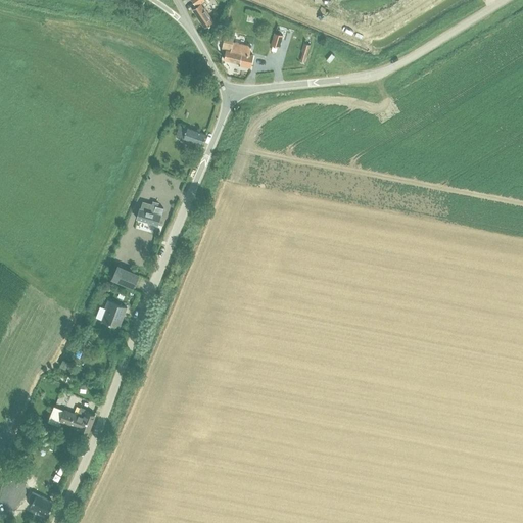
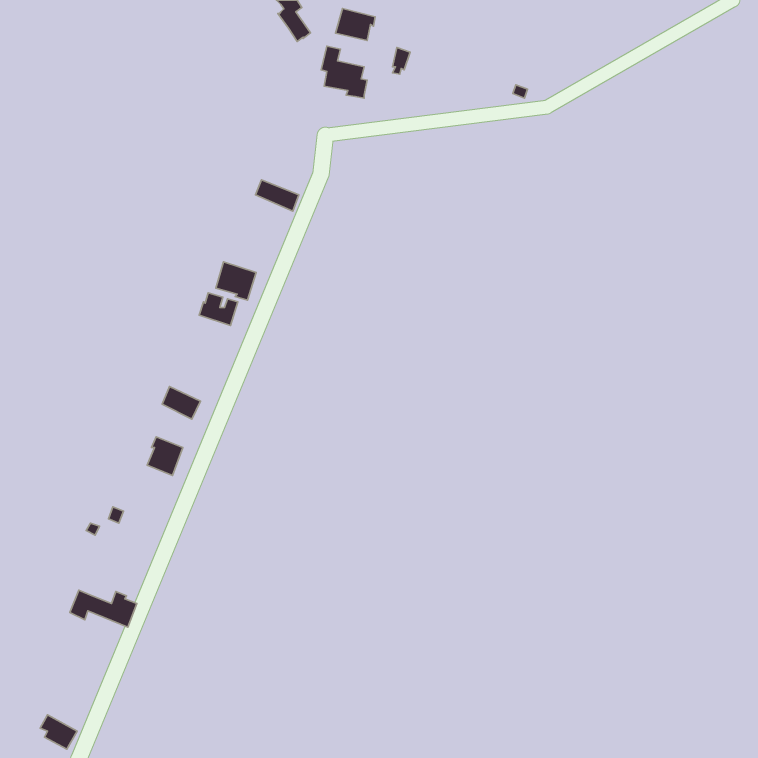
building: none -> [336,9,375,40]
building: none -> [216,262,256,300]

